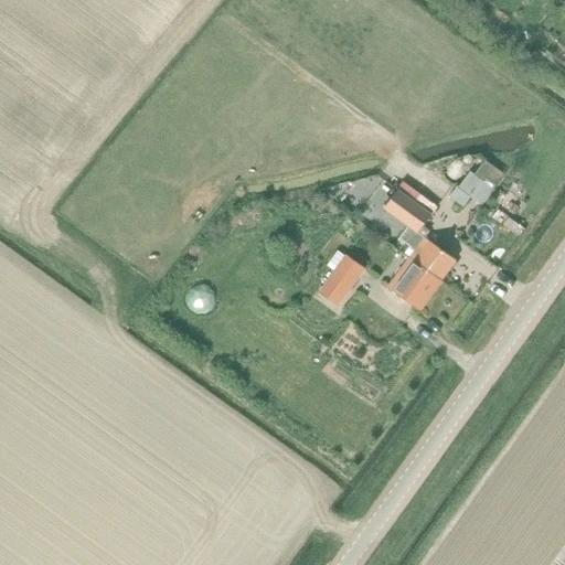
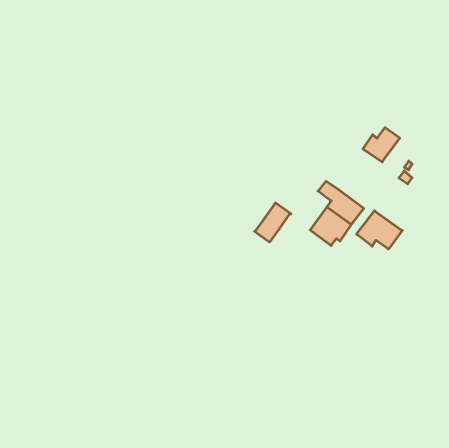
building: [385,189,431,233] -> none
building: none -> [357,211,402,249]

